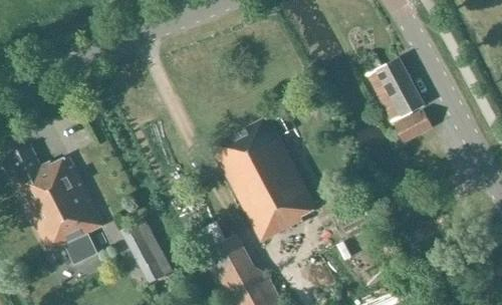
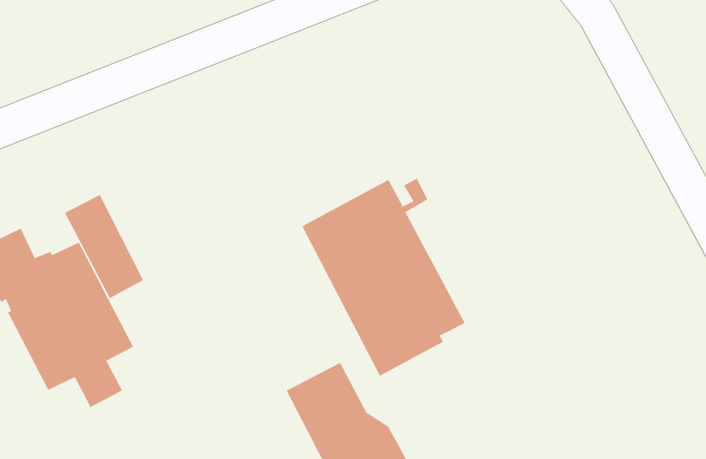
building: [368,58,433,143] -> none
building: [120,218,172,285] -> [64,194,144,299]

